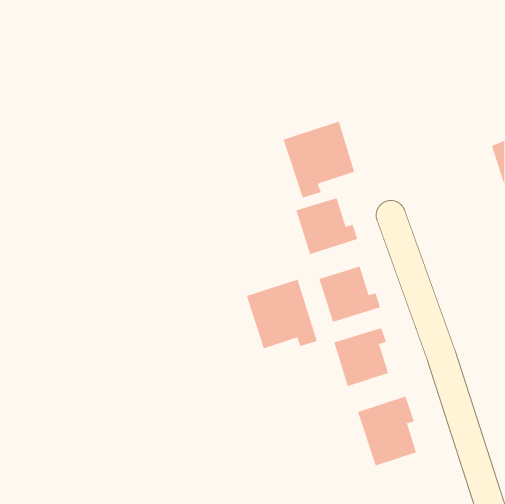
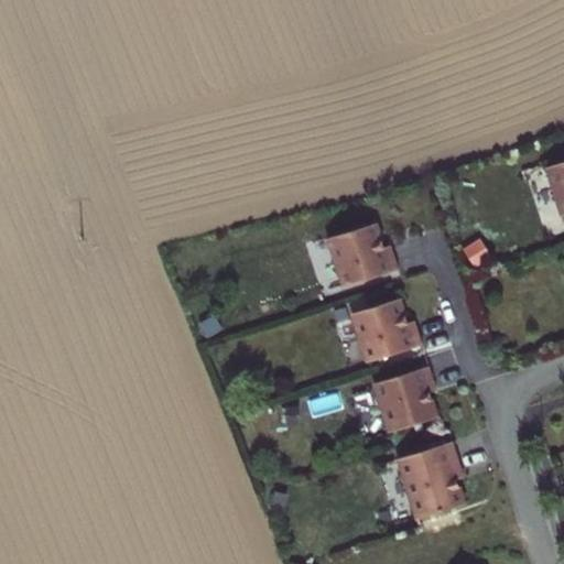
building: [283,121,355,198] -> none
building: [246,279,317,349] -> none

